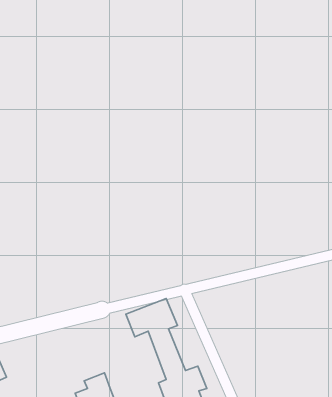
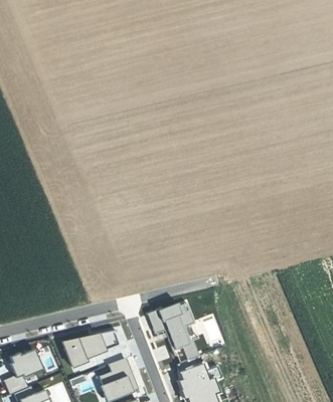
building: none -> [61,334,117,370]

